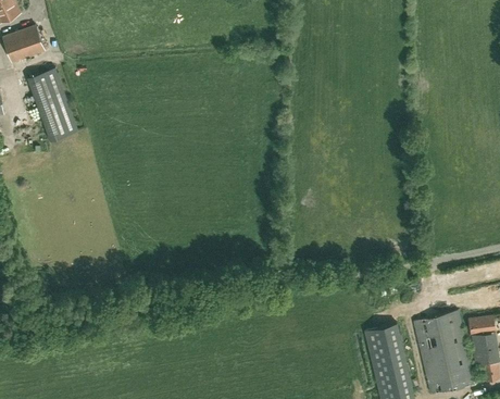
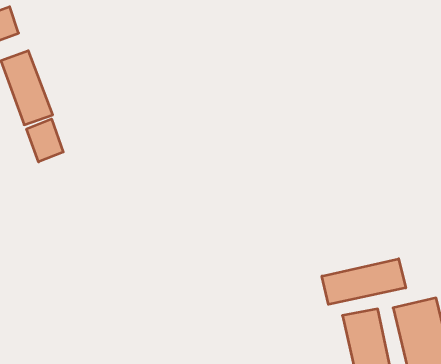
building: none -> [27,119,63,162]
building: none -> [322,259,406,304]

